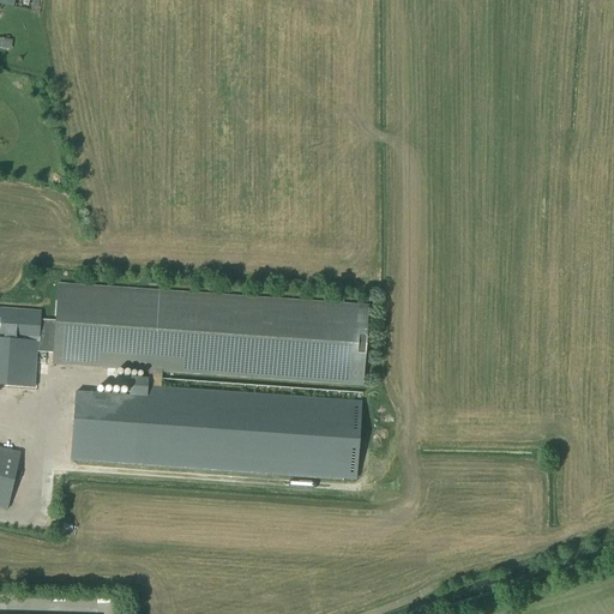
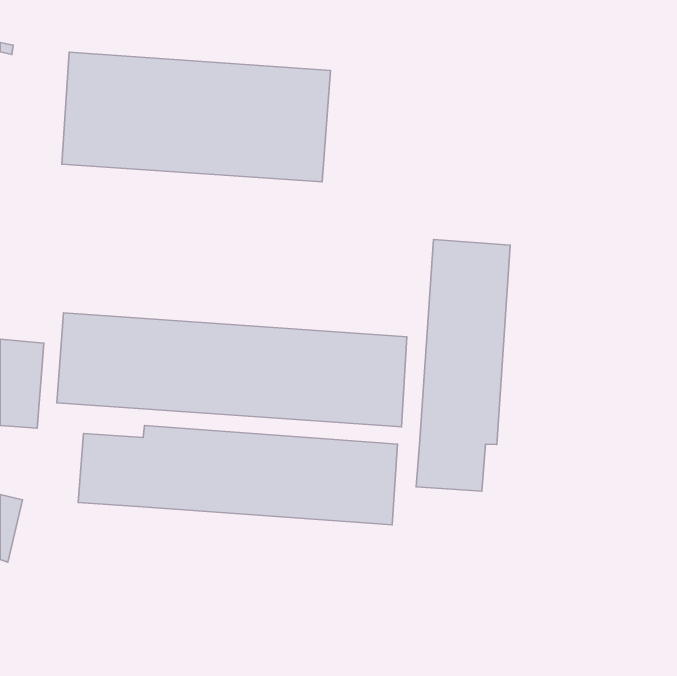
building: none -> [62,52,330,182]
building: none -> [416,240,510,491]

